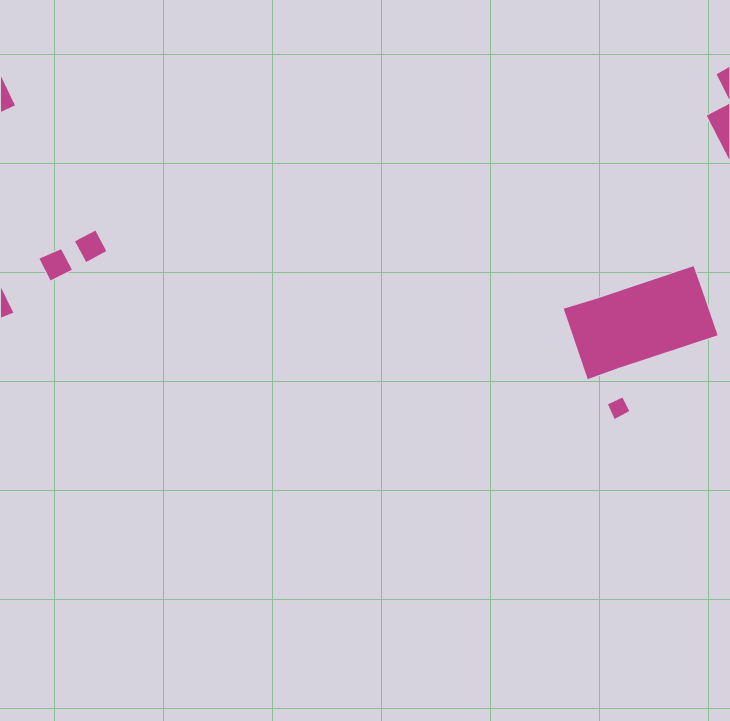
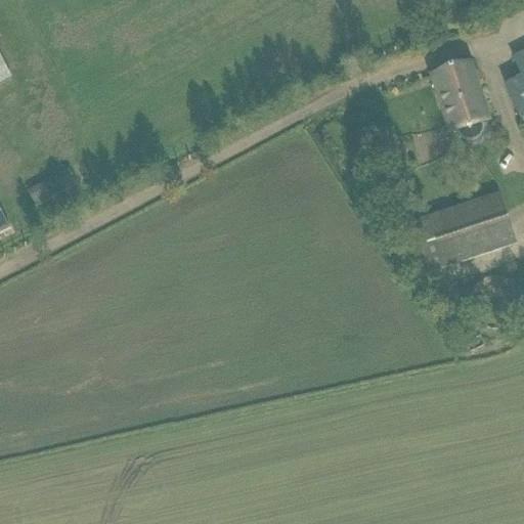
building: none -> [432,59,489,139]

